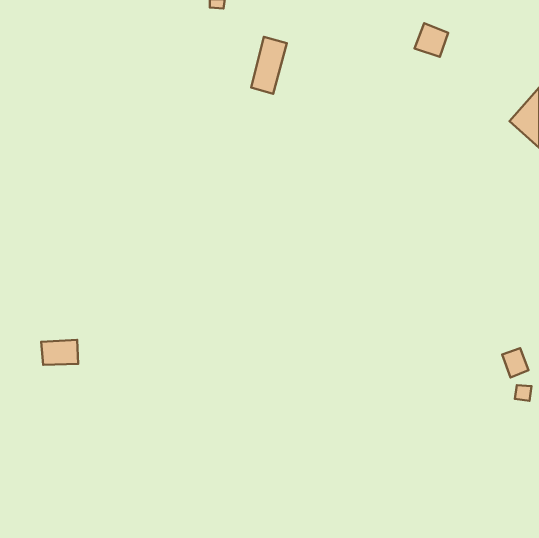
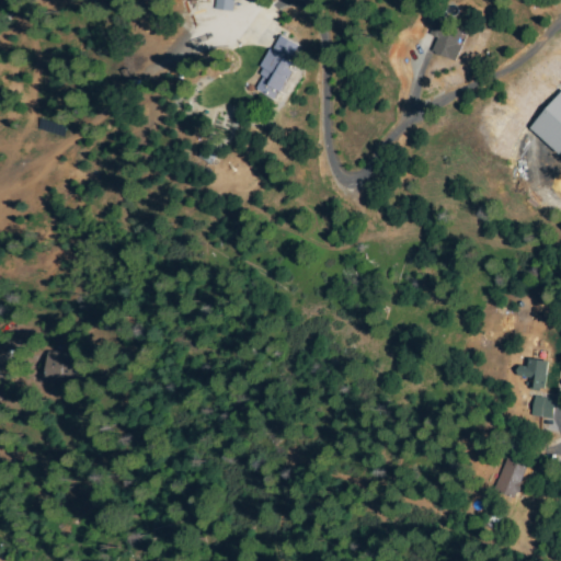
building: none -> [495,459,527,497]

